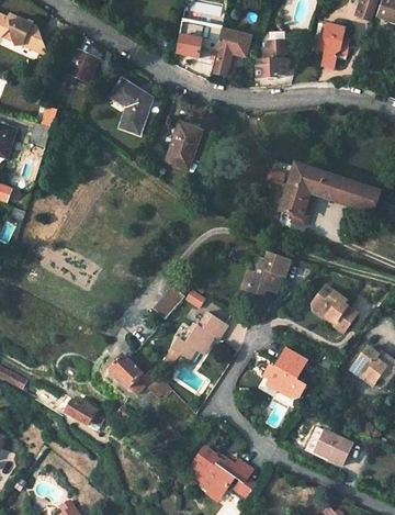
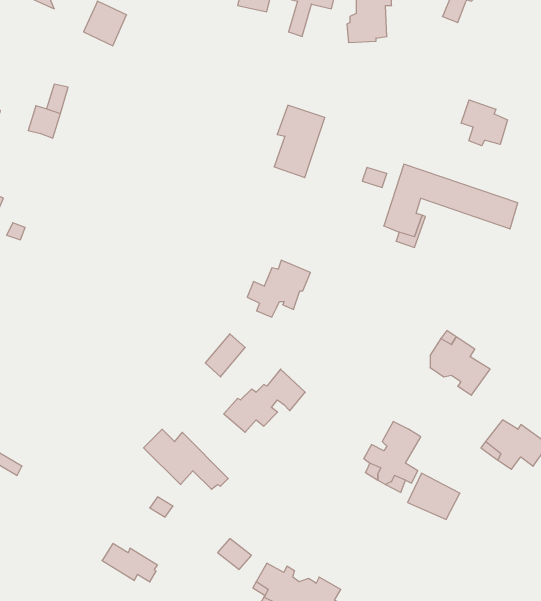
building: [111,79,151,132] -> none
building: [167,115,203,167] -> [274,105,325,178]
building: none -> [461,100,508,146]
building: [244,248,289,289] -> [247,260,310,317]
building: [65,400,104,427] -> [102,543,158,582]
building: [316,430,353,463] -> [408,473,460,519]

